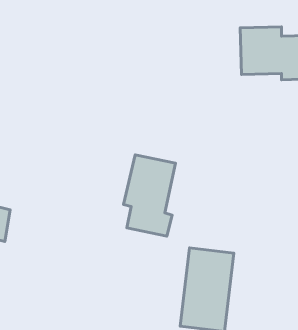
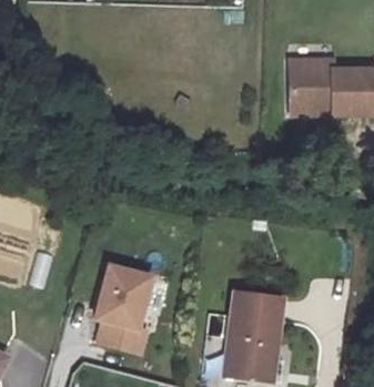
building: [124,155,175,236] -> [95,272,150,357]

